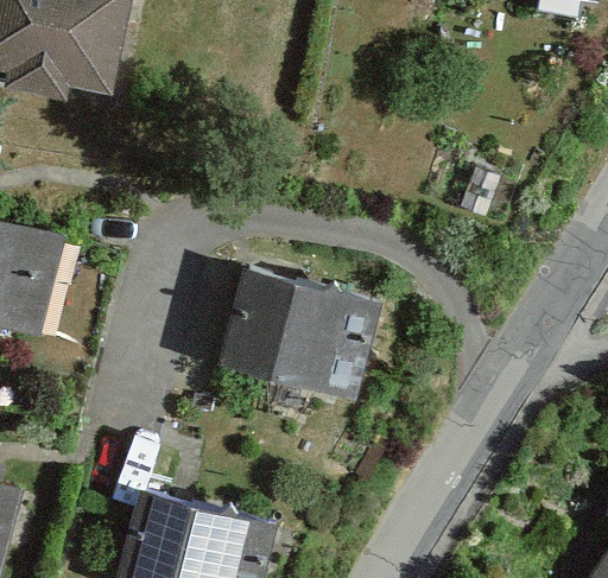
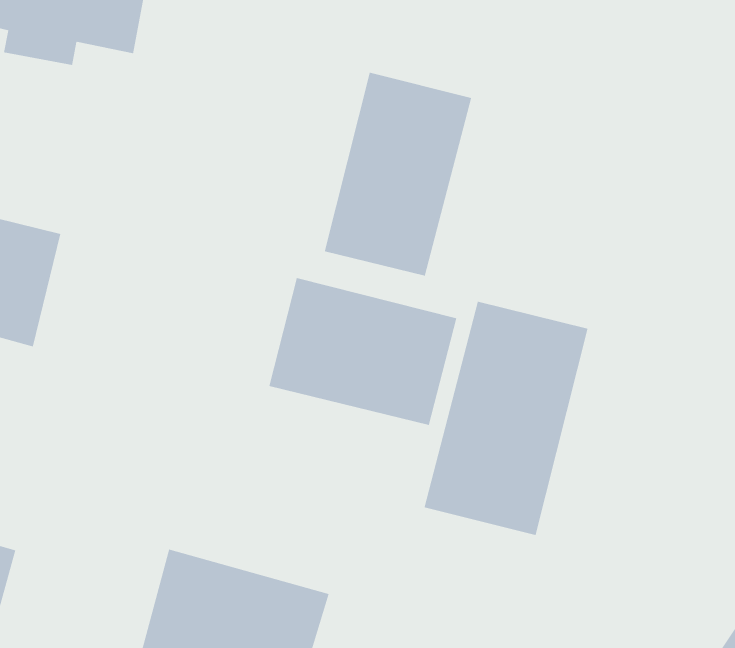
building: none -> [324,72,472,277]
building: none -> [424,301,588,536]

